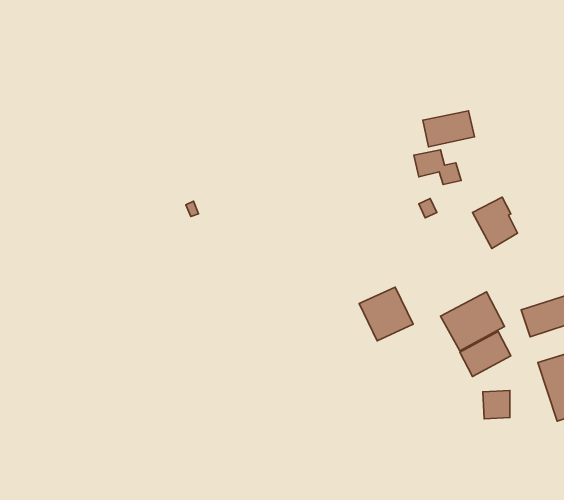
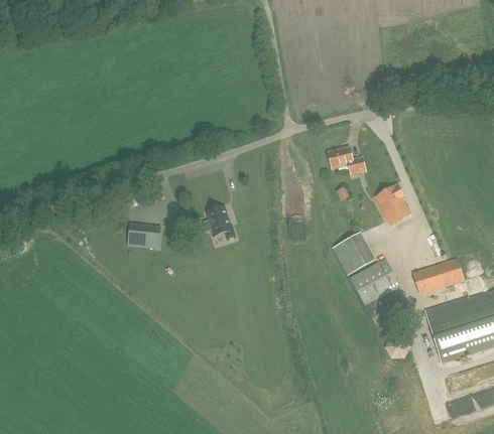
building: [423,111,475,147] -> none
building: none -> [207,205,236,238]
building: none -> [128,223,151,246]
building: [359,287,413,341] -> [329,231,371,273]

